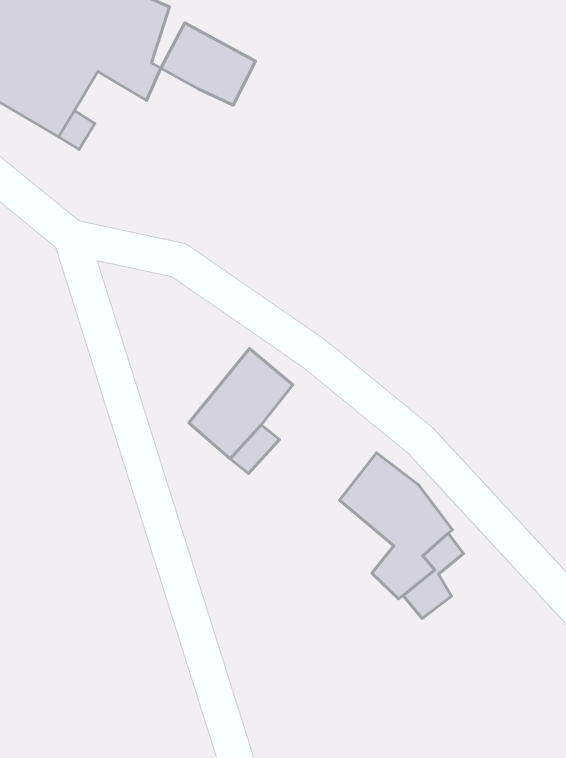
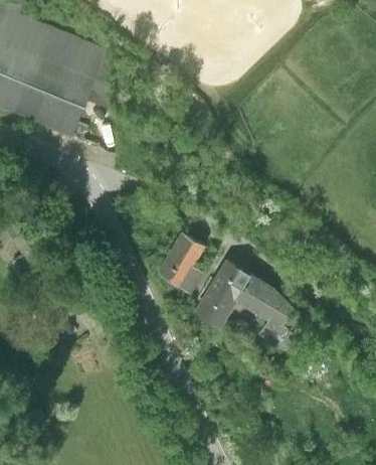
building: [161,23,256,105] -> none
building: none -> [193,258,251,328]

